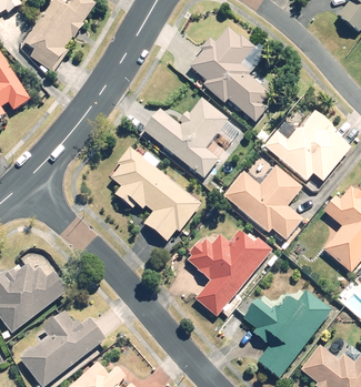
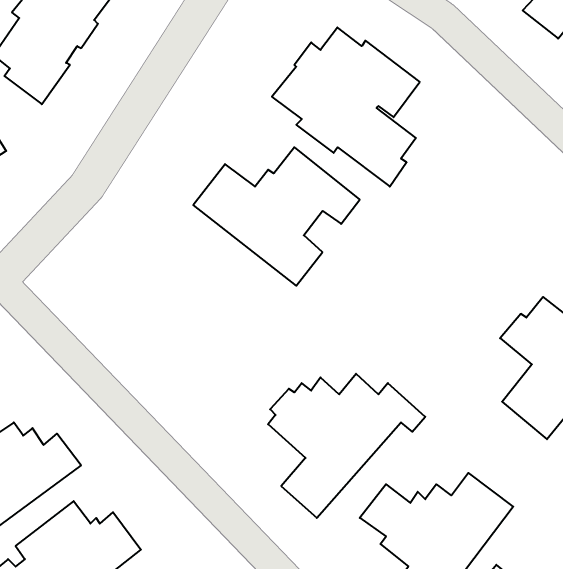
building: [255,104,351,183] -> none
building: [108,147,201,243] -> none
building: [221,165,302,242] -> none

